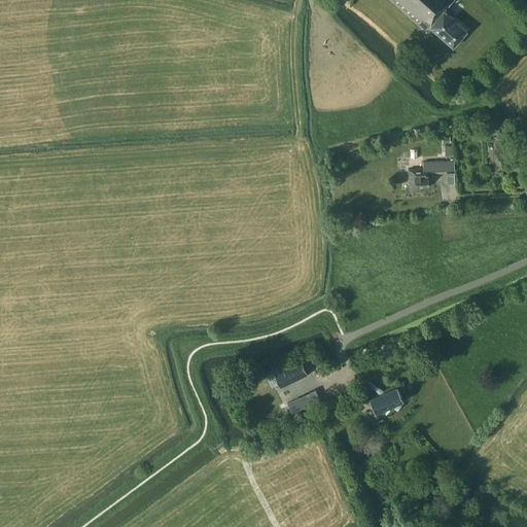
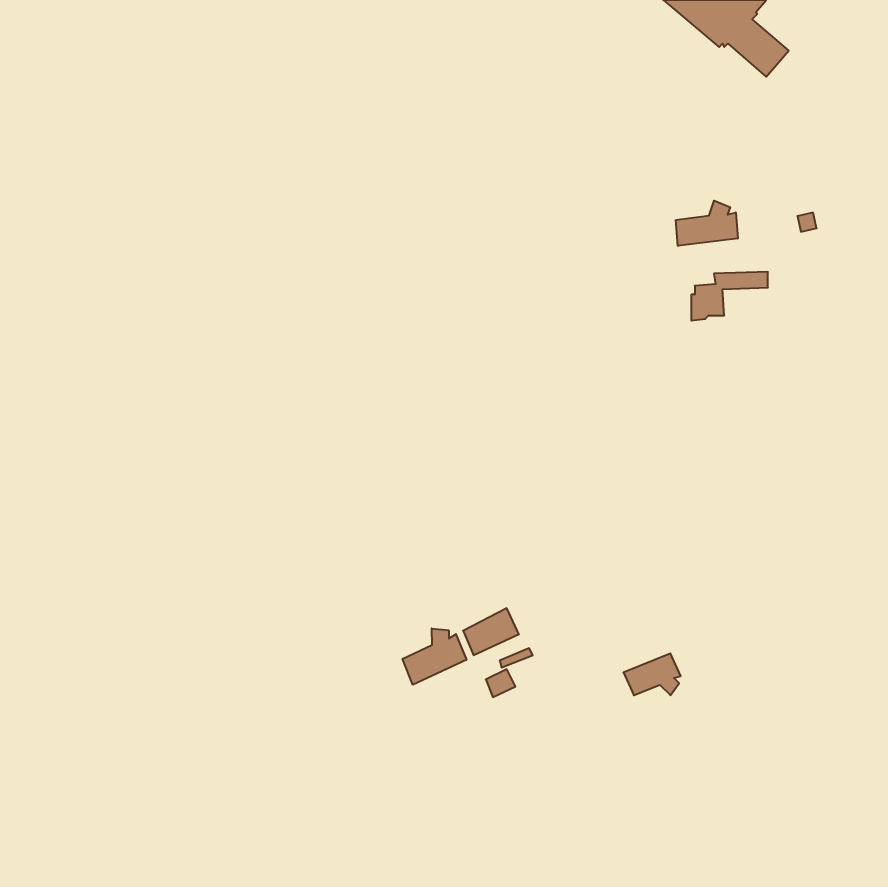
building: none -> [676,201,738,246]
building: none -> [403,628,466,685]

